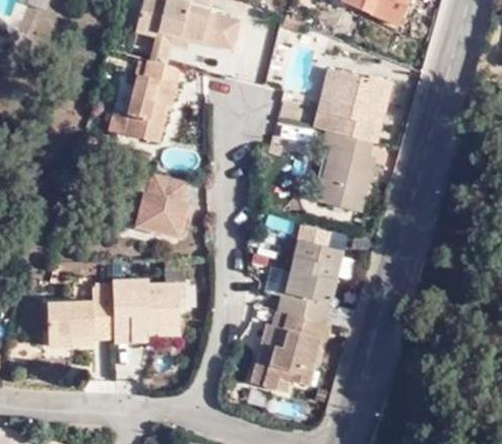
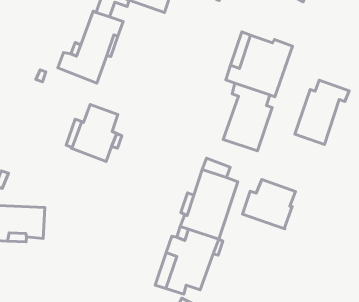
building: none -> [295,80,349,144]
building: none -> [242,179,295,229]
building: [109,278,183,342] -> none

